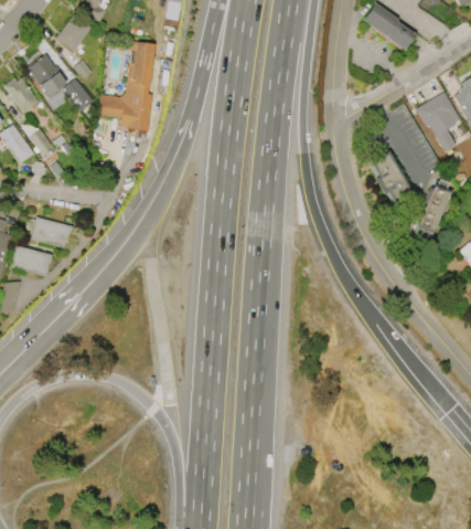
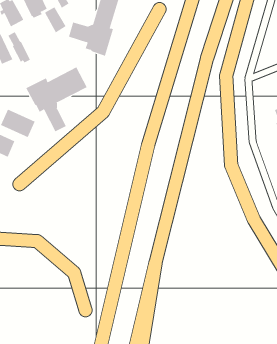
building: none -> [25,66,87,132]

